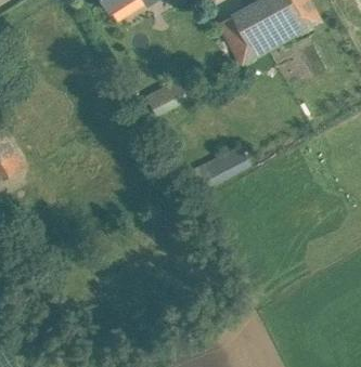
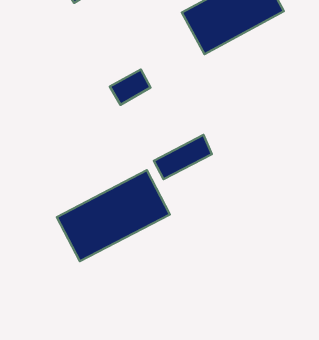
building: none -> [57,170,170,261]

